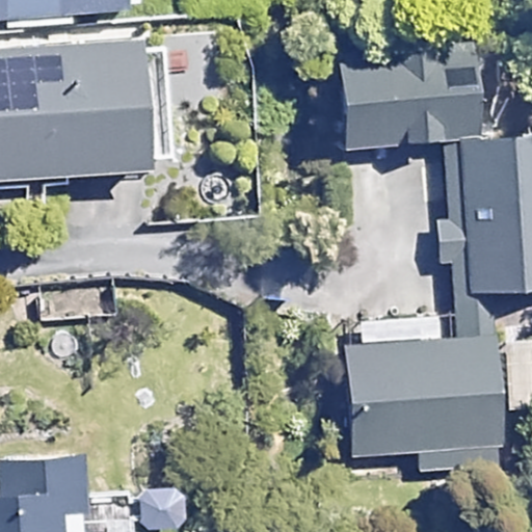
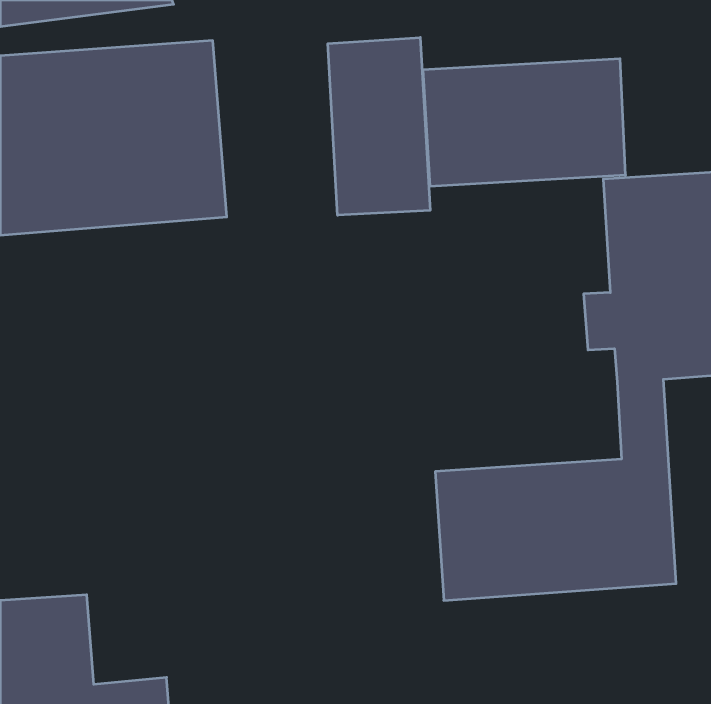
building: none -> [328,37,430,215]

